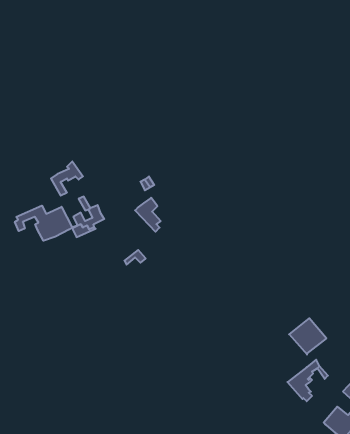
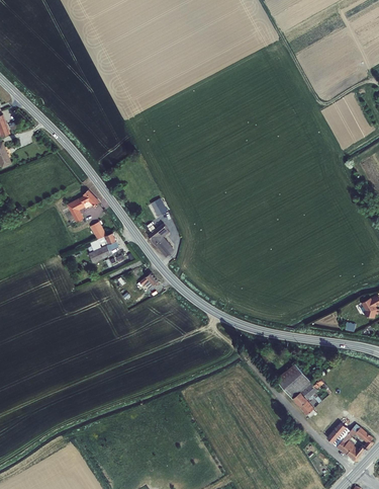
building: [15,206,72,241] -> none
building: [289,318,326,355] -> [276,365,311,400]

